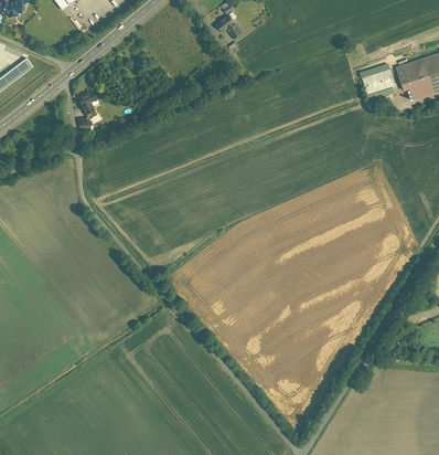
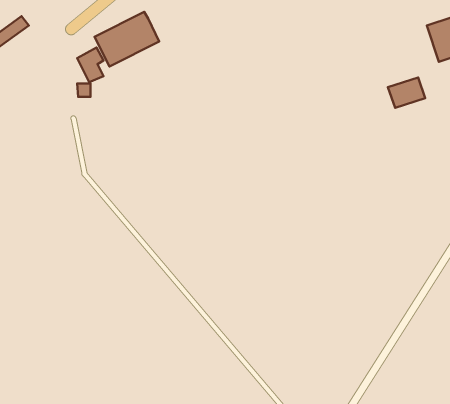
building: none -> [95,12,159,66]
building: [361,68,395,96] -> [388,78,425,108]

